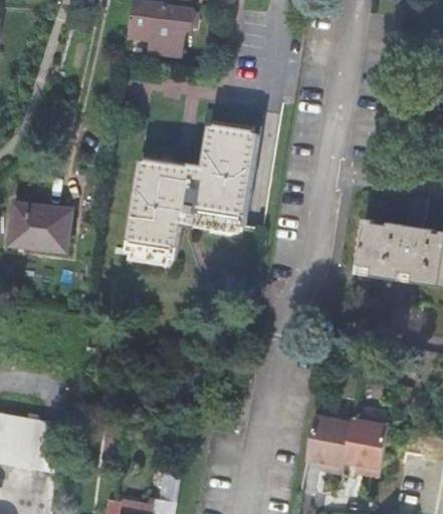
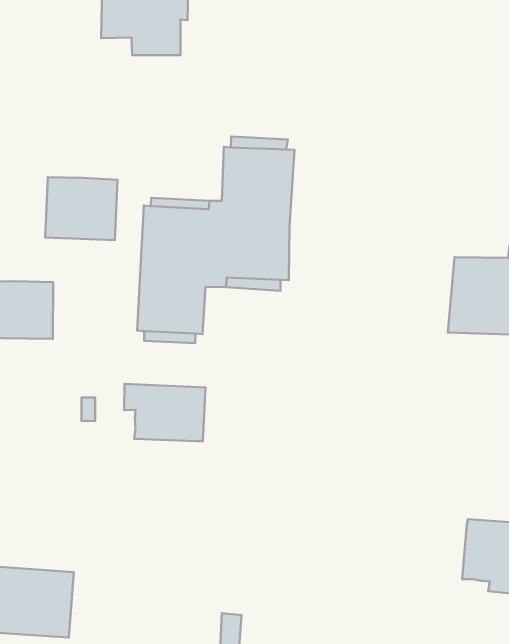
building: none -> [45,177,117,240]
building: none -> [124,384,206,441]
building: [304,414,352,471] -> none

